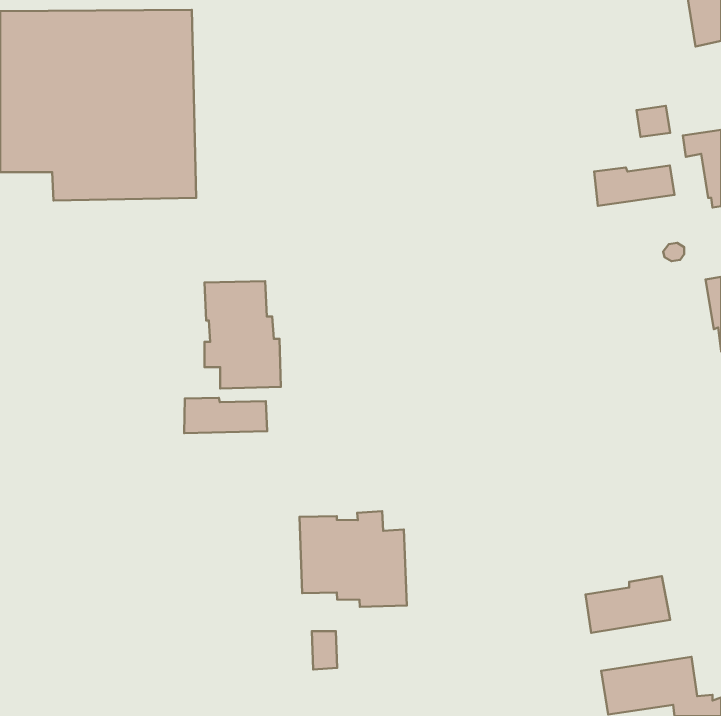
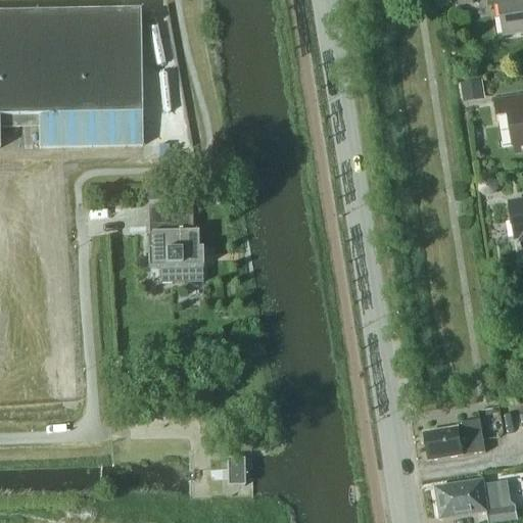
building: [594,165,675,206] -> none
building: [184,398,267,433] -> none
building: [299,511,407,607] -> none

